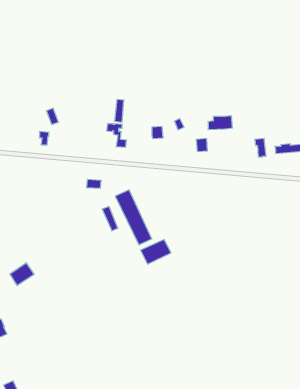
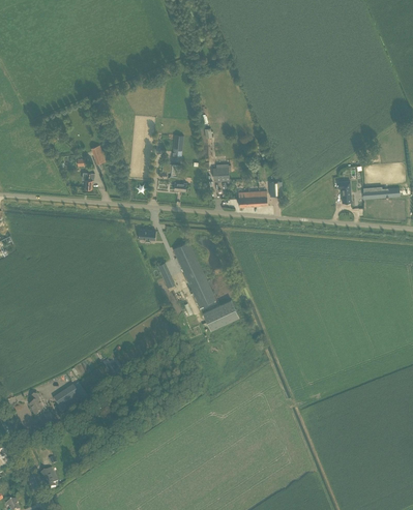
building: [208,116,232,130] -> [237,188,266,205]
building: [10,263,34,285] -> [52,384,81,411]

